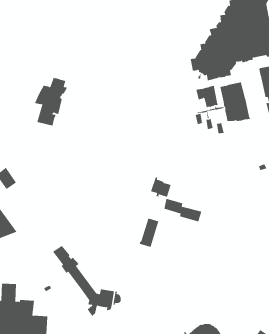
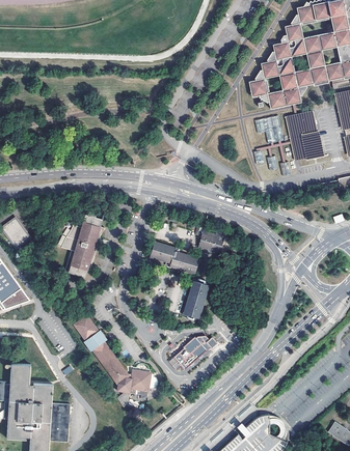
building: [34,77,68,126] -> [62,215,105,277]
building: [164,198,202,222] -> [151,244,199,274]
building: none -> [174,336,218,370]

